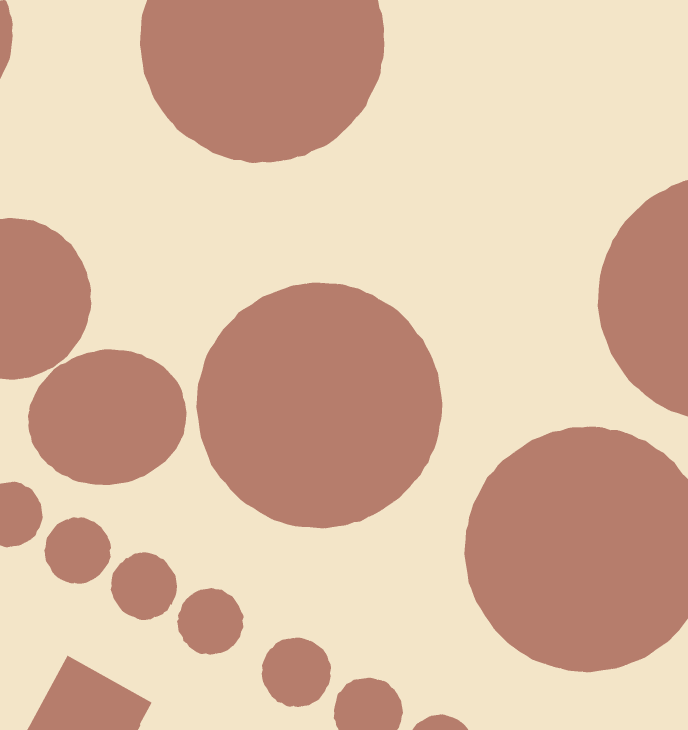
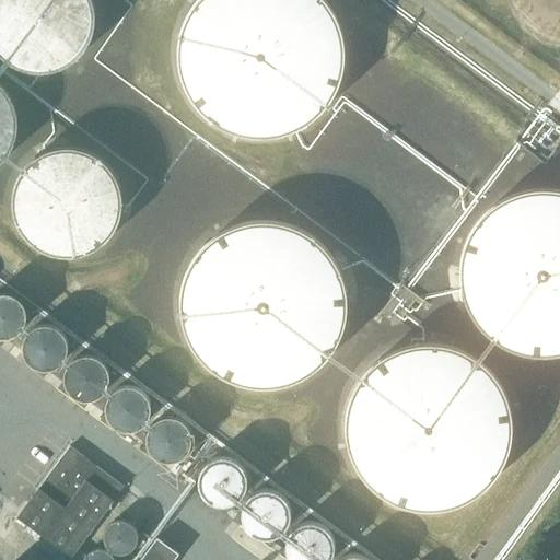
building: [27,349,187,486] -> none

